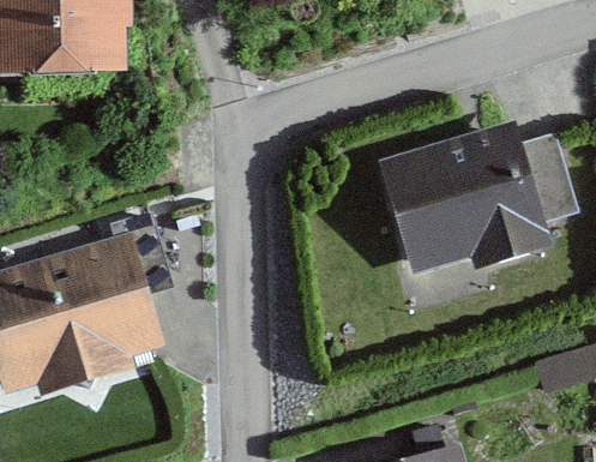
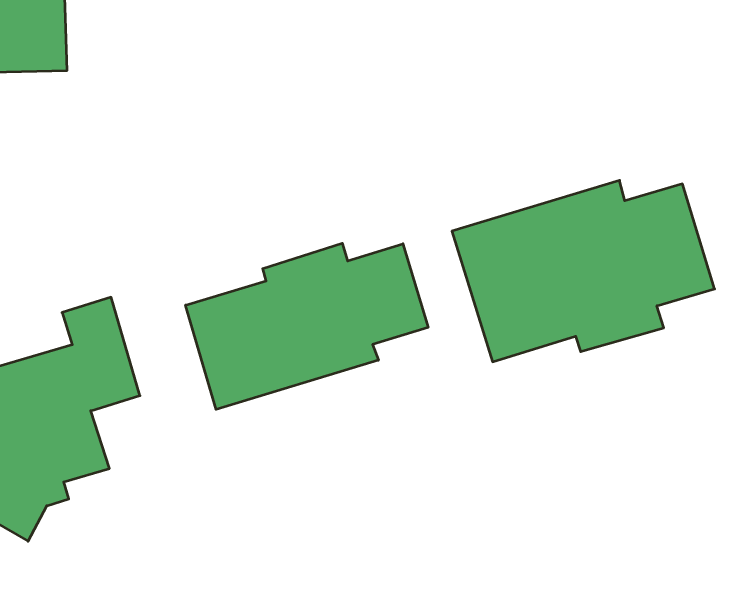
building: none -> [186,243,428,409]

